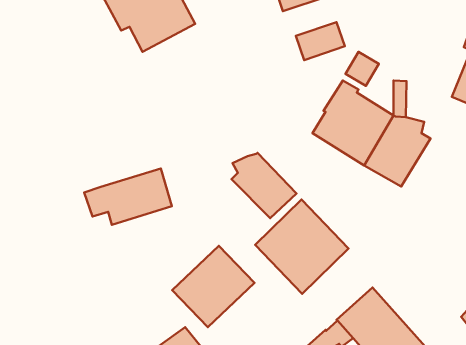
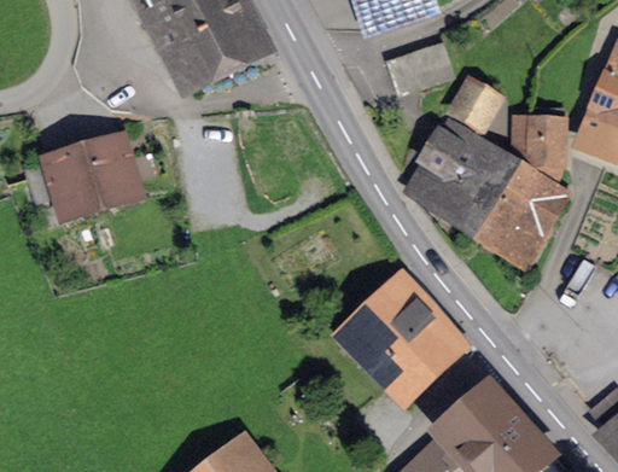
building: none -> [534,107,562,176]
building: [231,153,297,218] -> none
building: [84,168,172,225] -> [28,140,142,214]
building: [172,246,254,327] -> none

